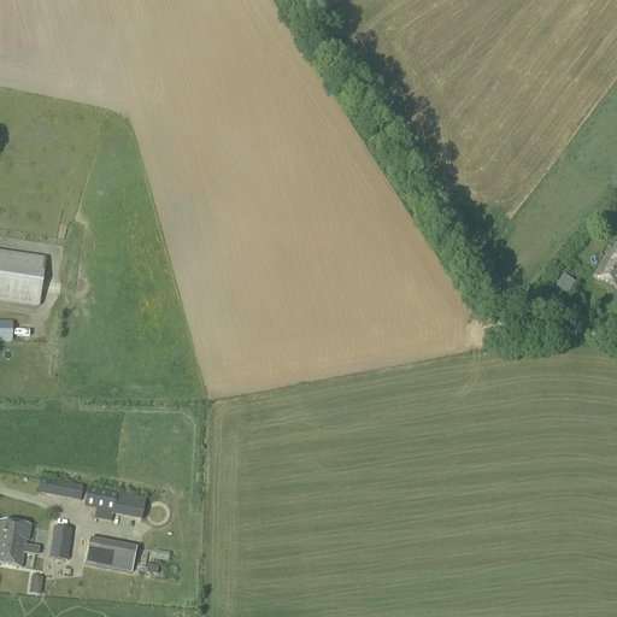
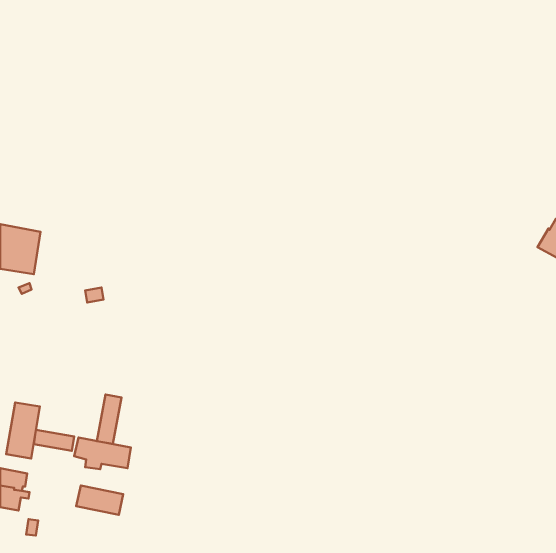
building: none -> [97,395,122,444]
building: none -> [6,403,40,458]
building: [49,524,72,559] -> none

